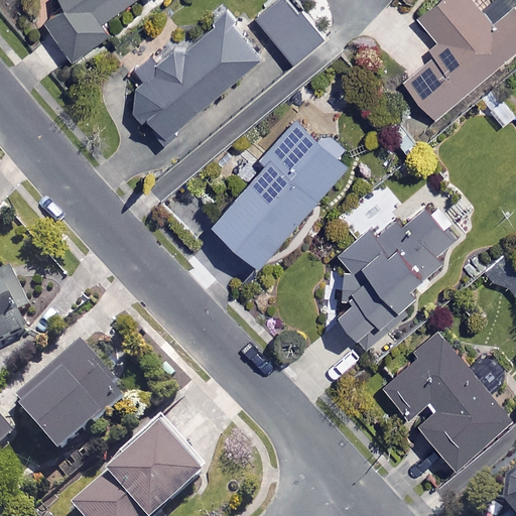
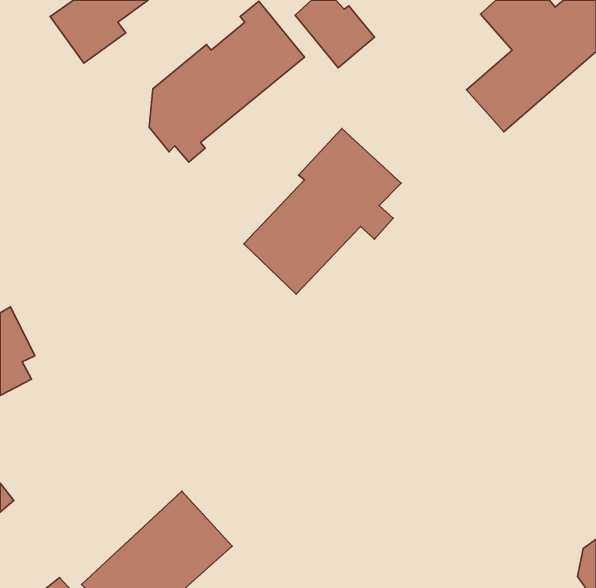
building: [333,202,461,351] -> none
building: [378,334,511,465] -> none
building: [14,351,122,457] -> none

